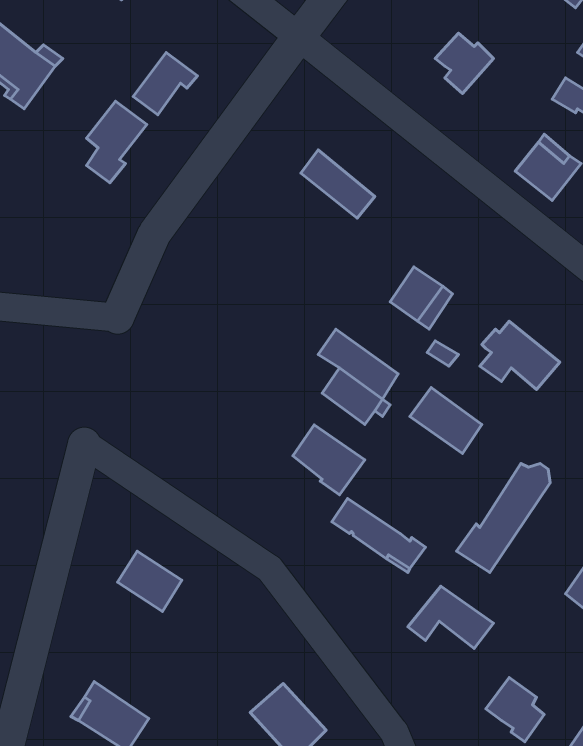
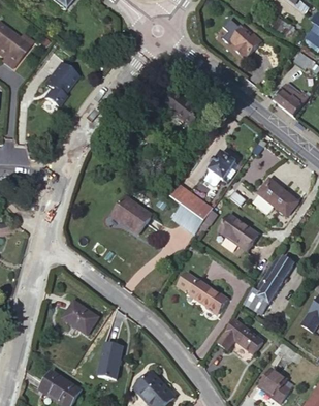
building: [133,52,197,115] -> none
building: [293,425,365,495] -> [114,196,152,233]
building: none -> [98,342,123,379]

